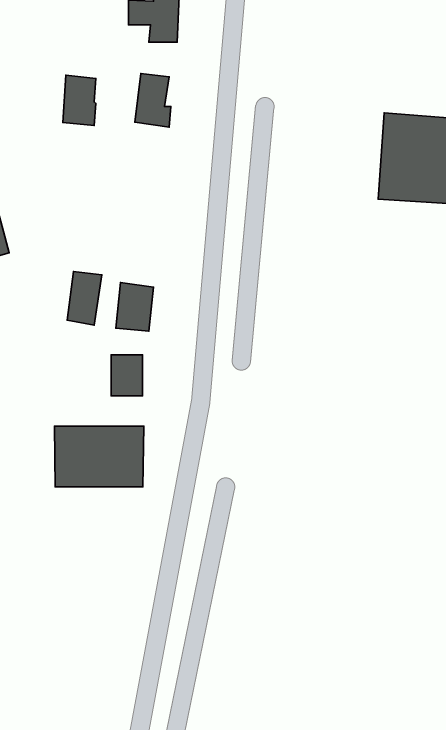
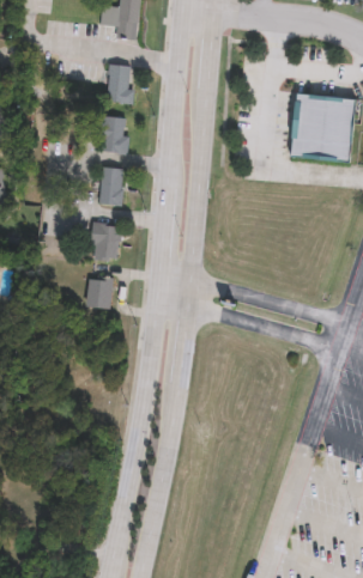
building: [63,75,96,126] -> [102,115,127,153]
building: [67,272,102,325] -> [98,166,125,207]
building: [55,426,144,487] -> none

